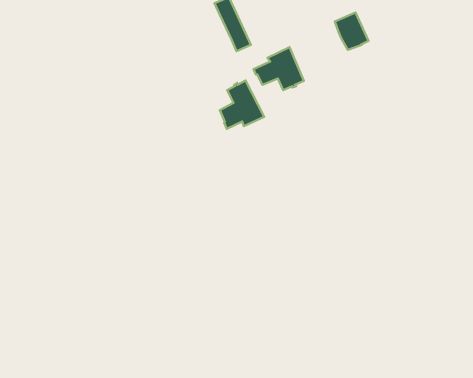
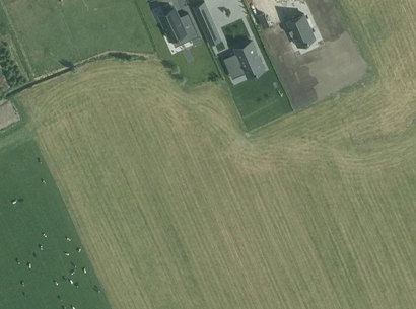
building: none -> [160,11,198,42]
building: [220,81,264,129] -> none

